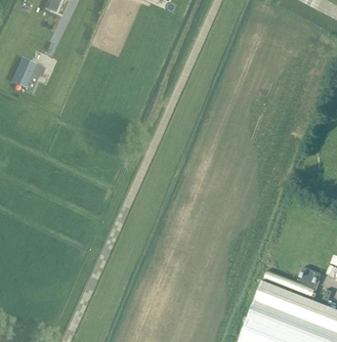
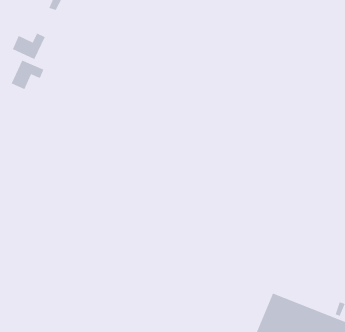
building: none -> [12,33,45,60]

